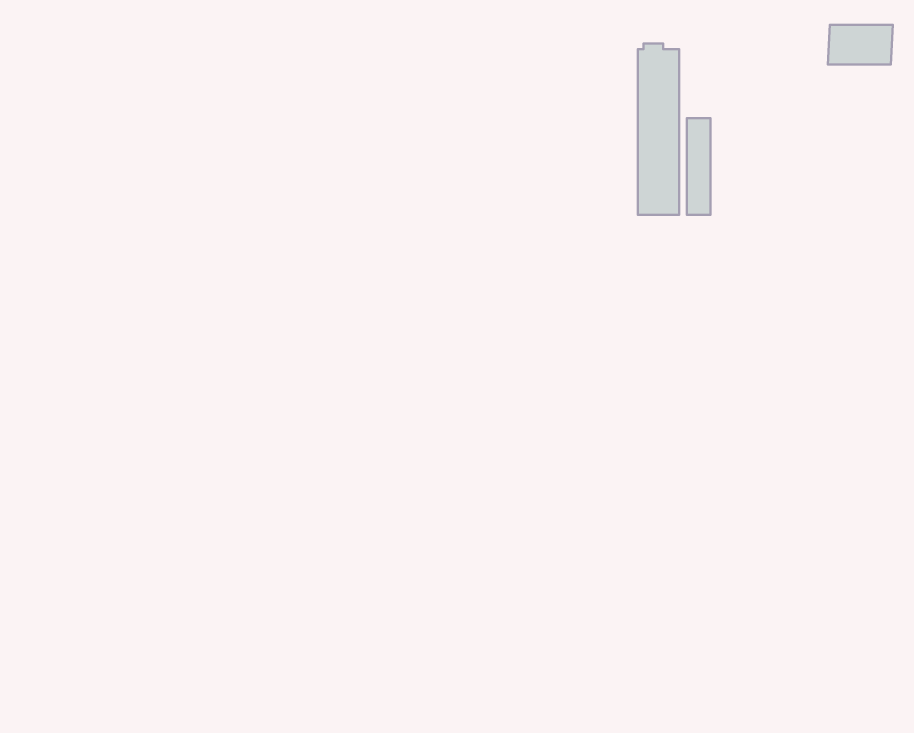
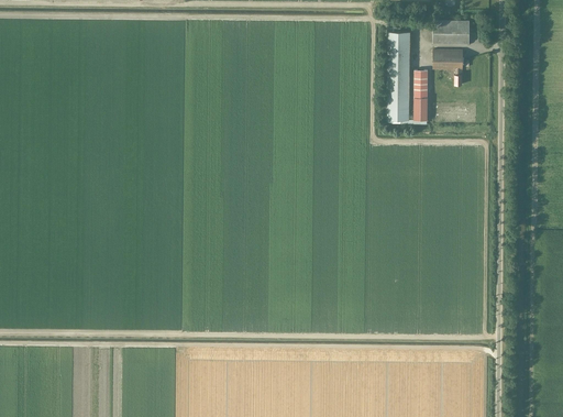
building: [828,25,893,64] -> [433,20,470,42]
building: none -> [433,48,463,84]

